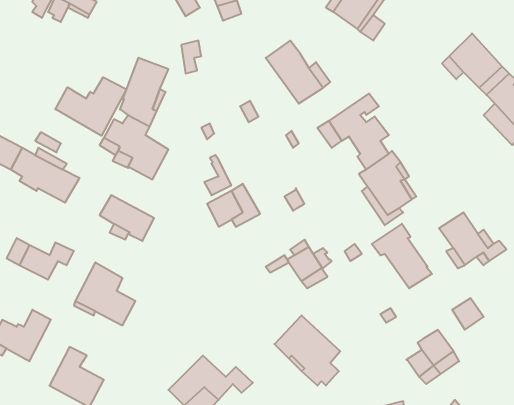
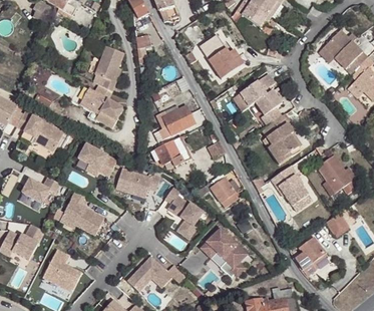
building: [55,77,126,136] -> none
building: none -> [161,106,194,136]
building: none -> [115,168,159,197]
building: none -> [164,187,204,239]

